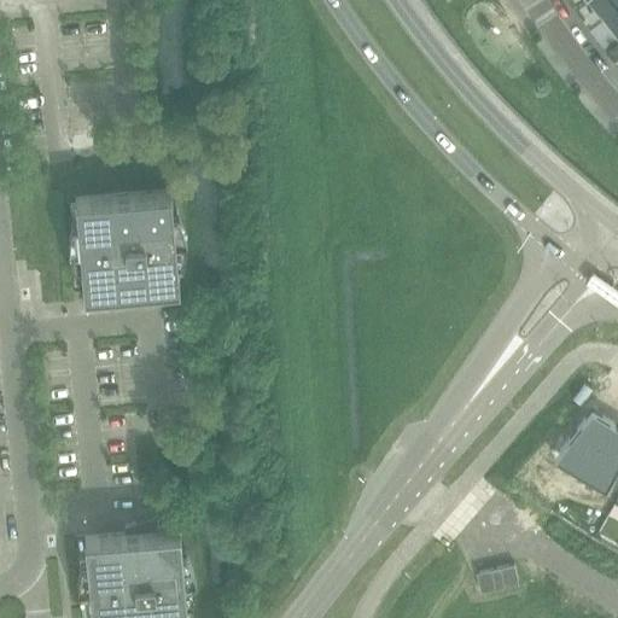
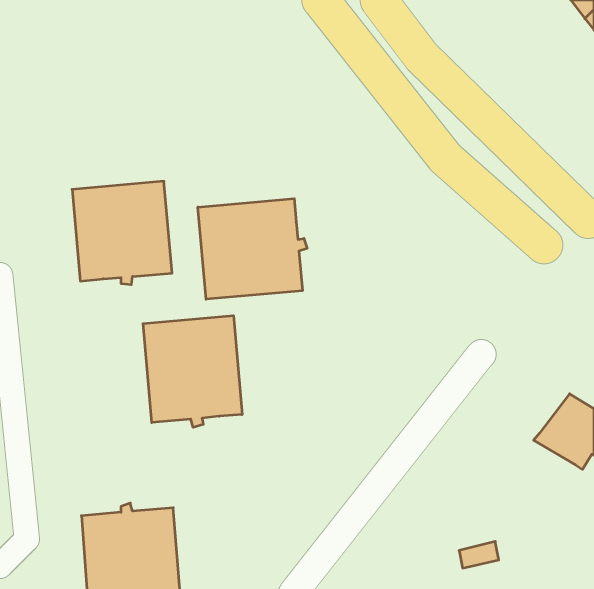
building: none -> [198,199,307,299]
building: none -> [143,316,242,427]

